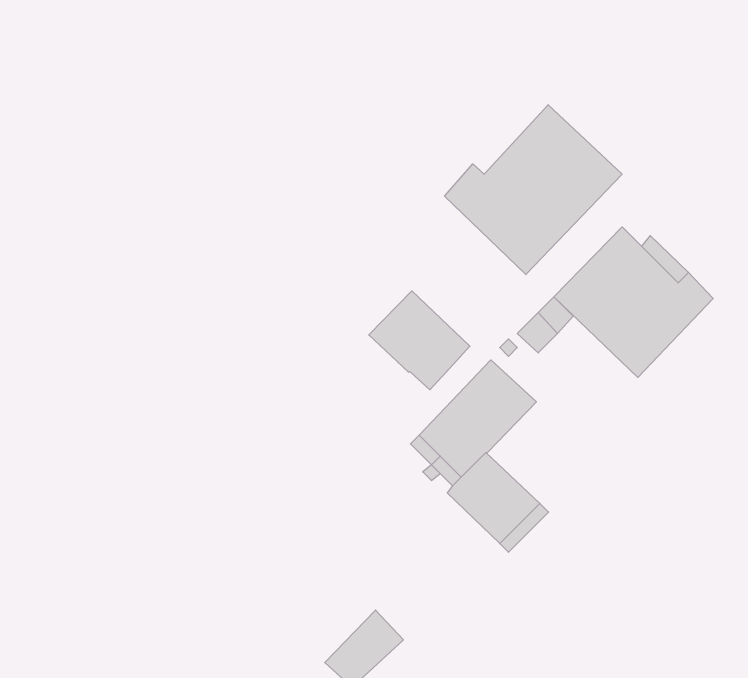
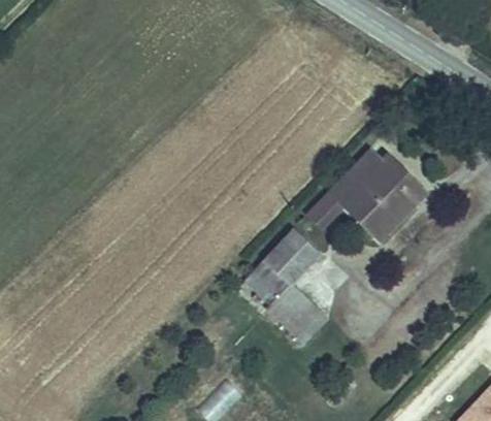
building: [445,105,622,275] -> none
building: [369,291,470,390] -> none

